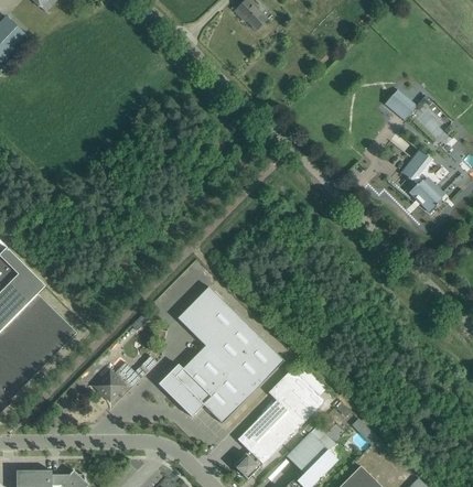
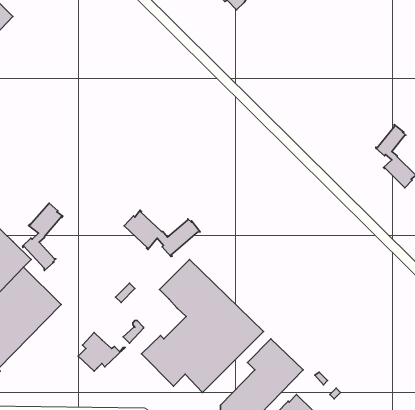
building: [384,89,416,121] -> none
building: none -> [23,203,63,271]
building: none -> [124,210,200,256]

